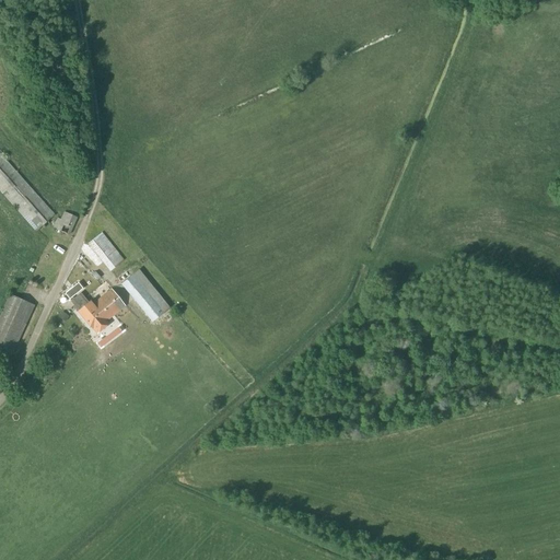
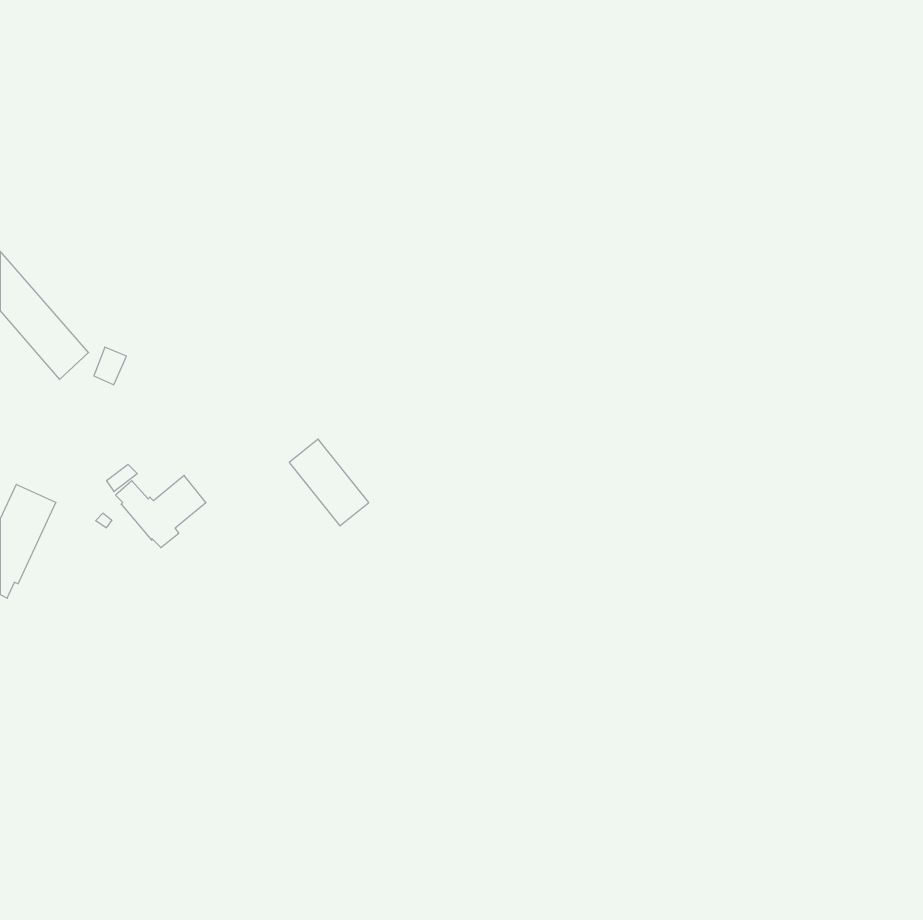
building: [89,232,124,269] -> none
building: [121,268,170,320] -> [289,439,369,526]

